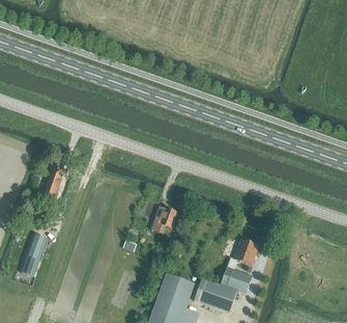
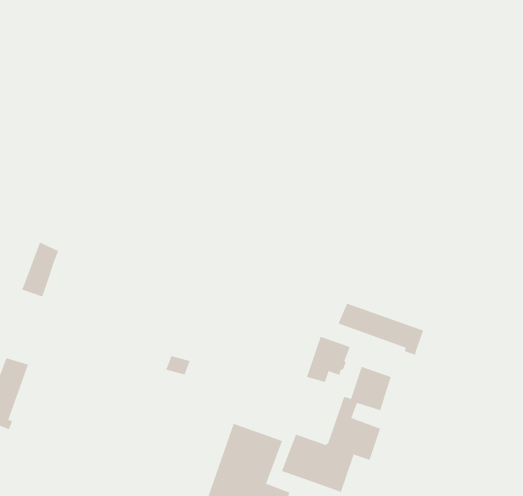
building: none -> [338,303,424,356]
building: [151,205,177,232] -> [306,336,351,382]

